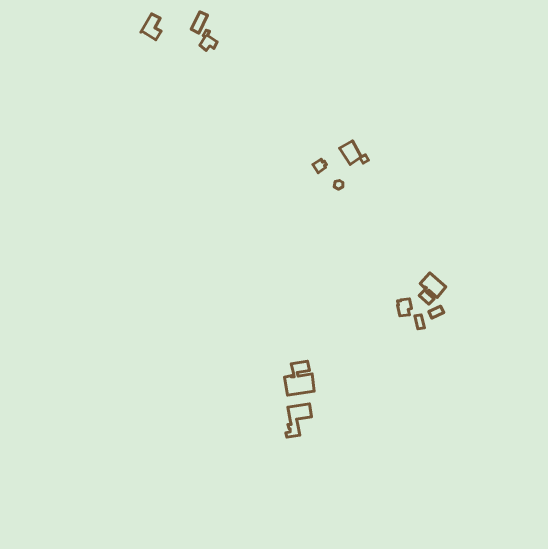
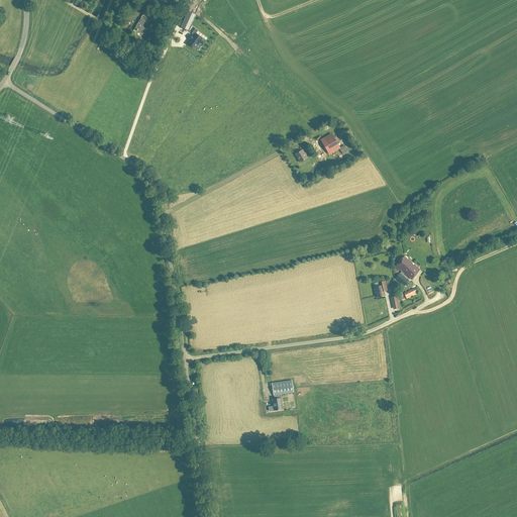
building: [284,361,314,395] -> none

